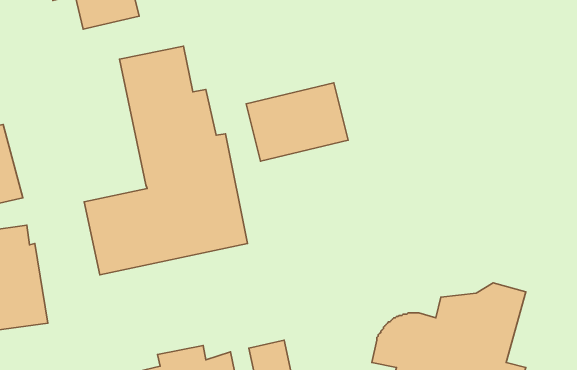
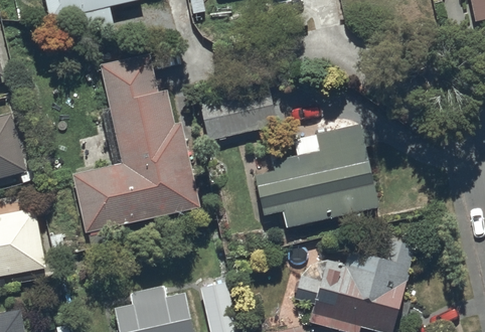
building: none -> [242,123,378,226]

